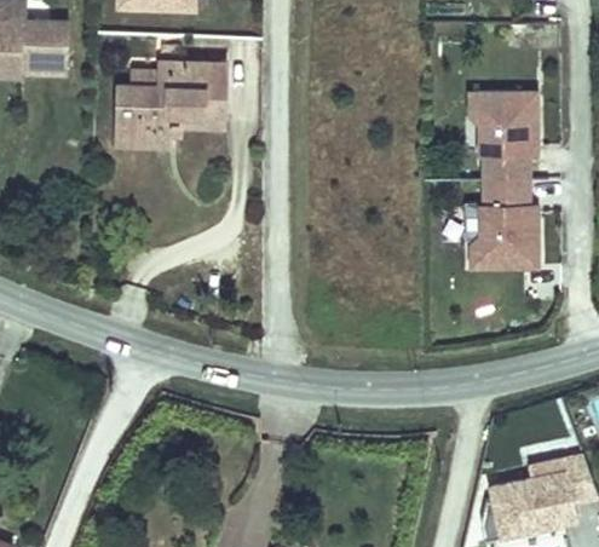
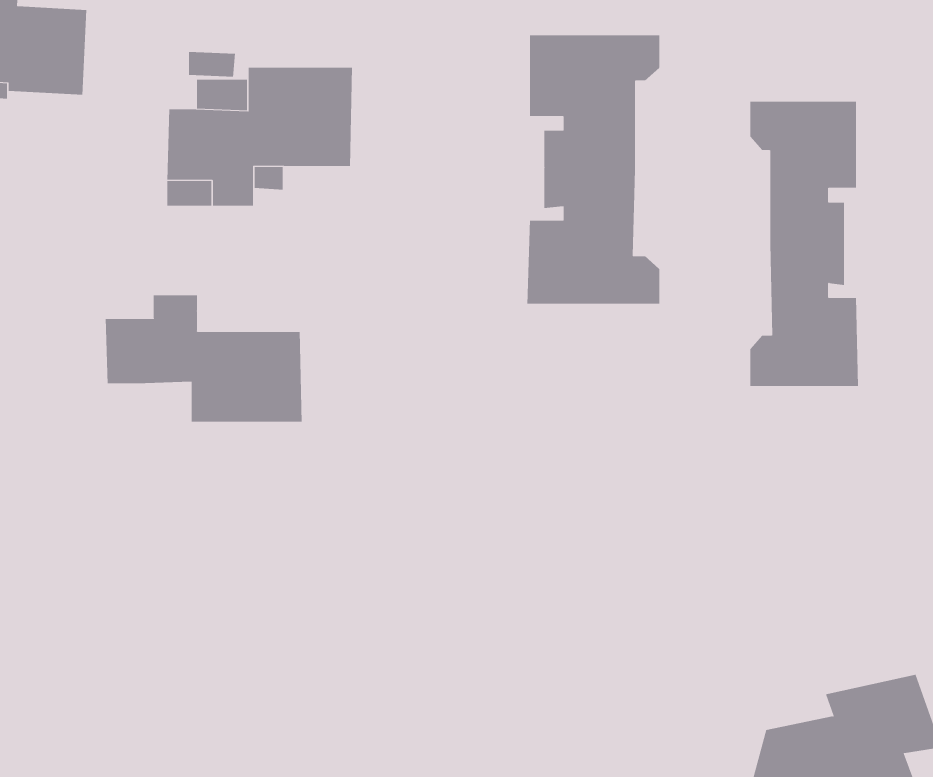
building: none -> [527,34,660,304]
building: none -> [105,294,302,423]

